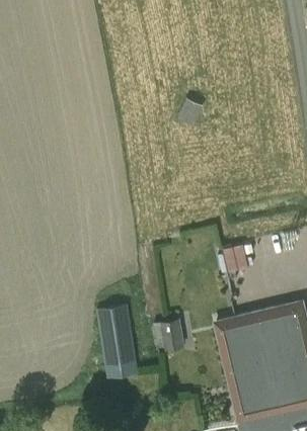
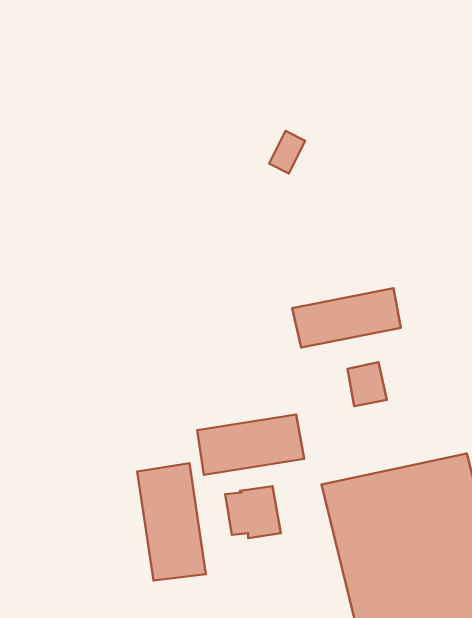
building: none -> [292,288,401,347]
building: none -> [197,415,304,475]

